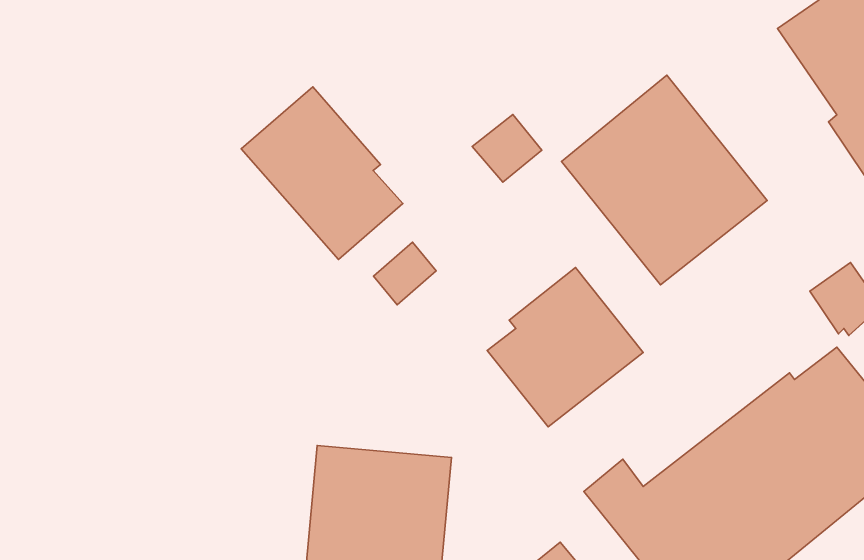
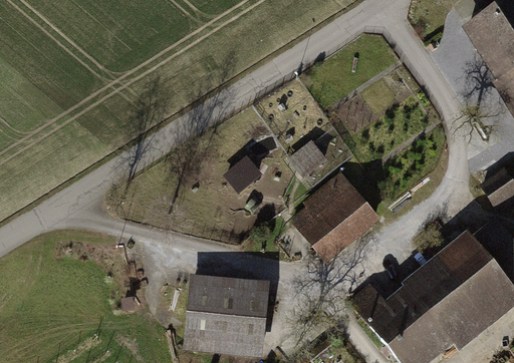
building: [561,75,767,285] -> none
building: [241,87,403,259] -> none
building: [472,114,542,182] -> [288,138,329,178]

